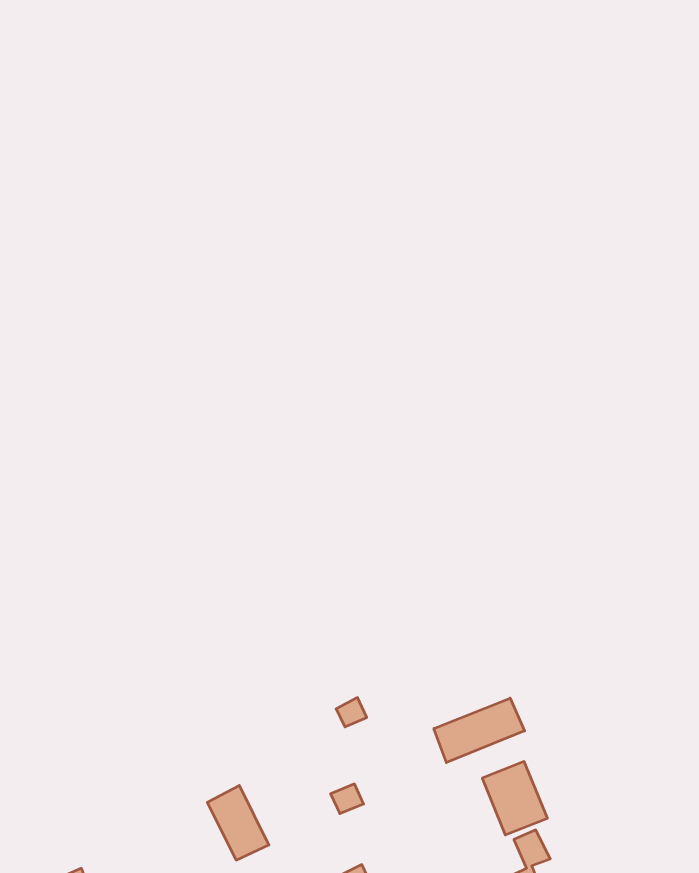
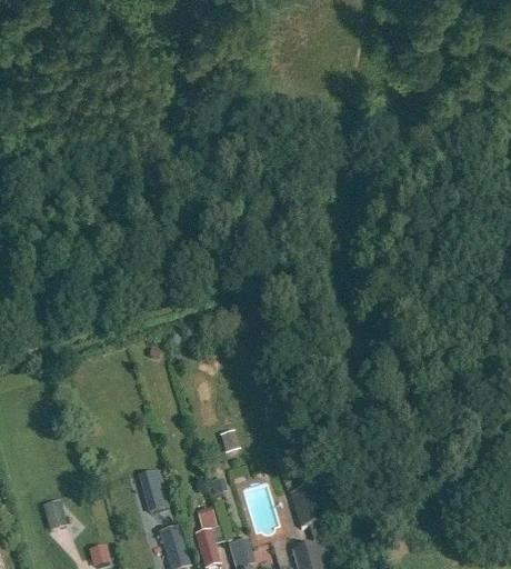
building: [434,698,525,763] -> none

